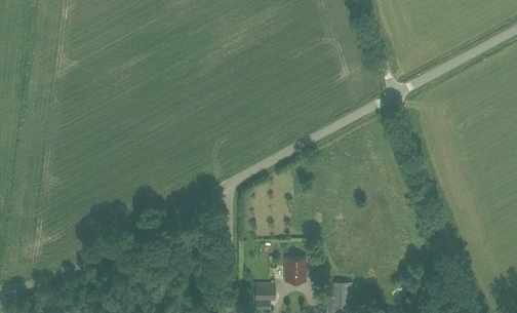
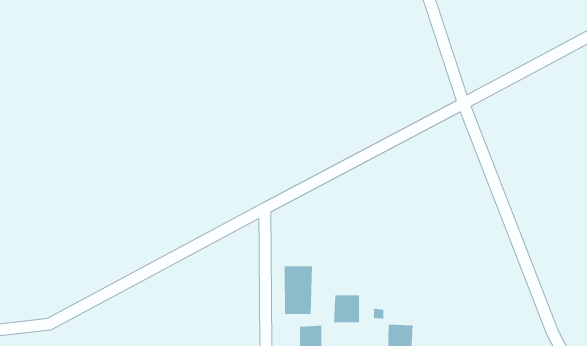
building: none -> [284,266,312,315]

